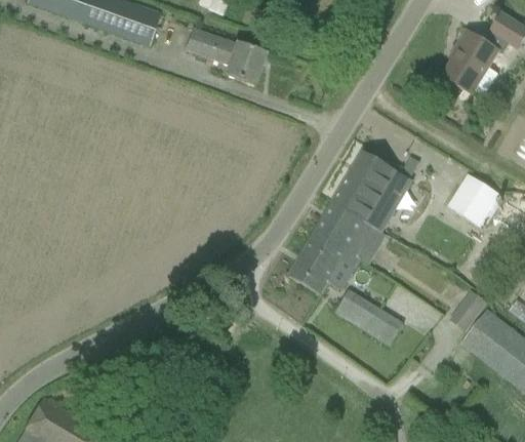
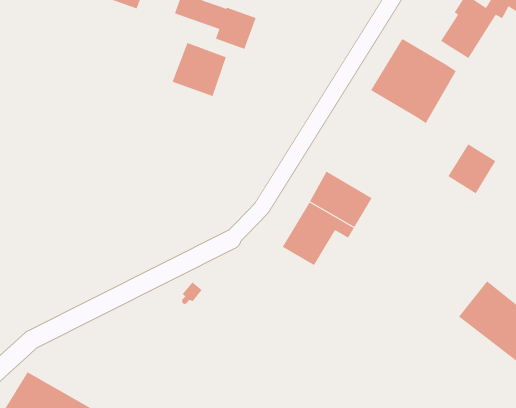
building: none -> [172,42,227,97]
building: [332,151,416,234] -> [370,38,457,124]
building: [335,289,403,344] -> none
building: [451,290,486,328] -> none

